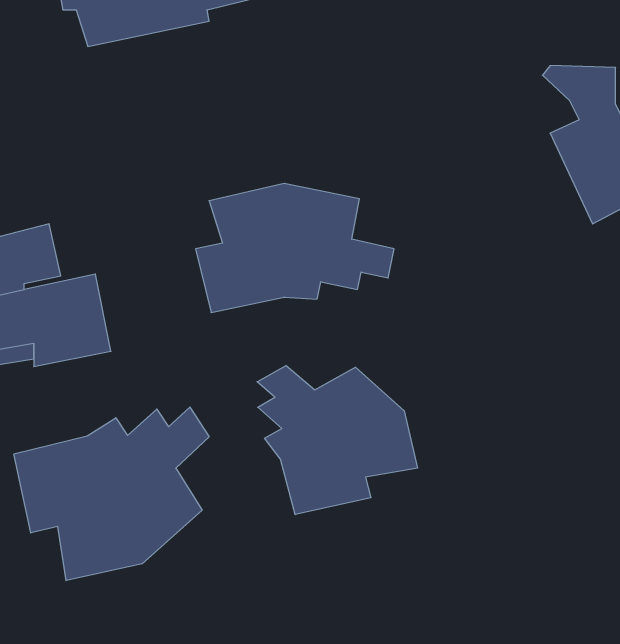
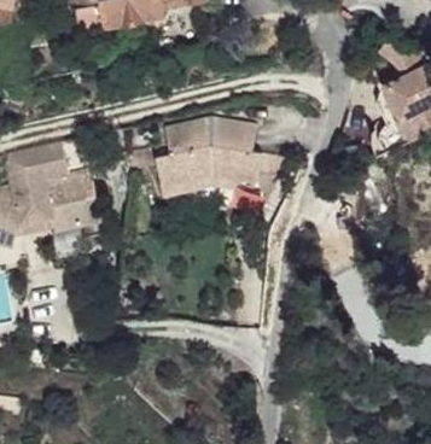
building: [257,366,417,515] -> none
building: [14,407,209,581] -> none

